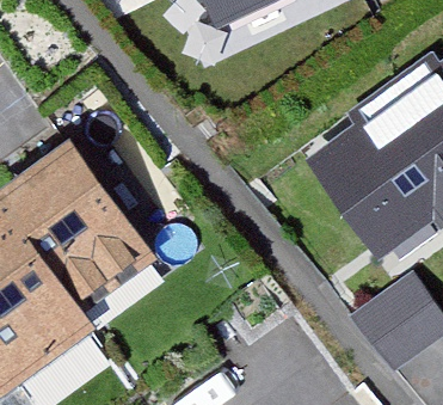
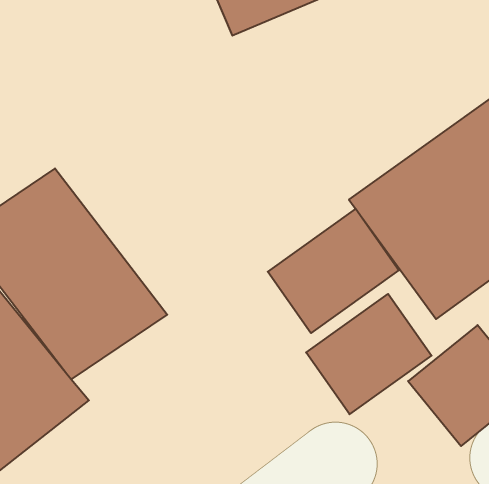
building: none -> [268,209,399,333]
building: none -> [306,294,432,414]

